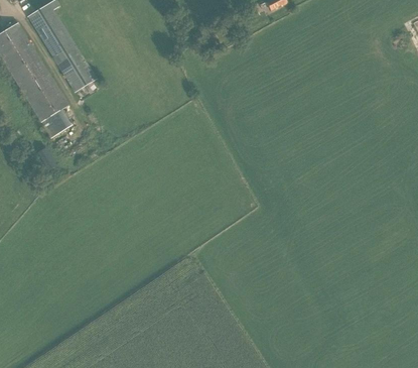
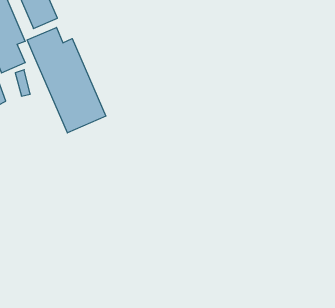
building: none -> [27,27,106,133]

